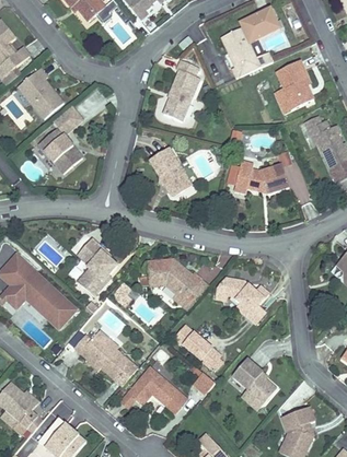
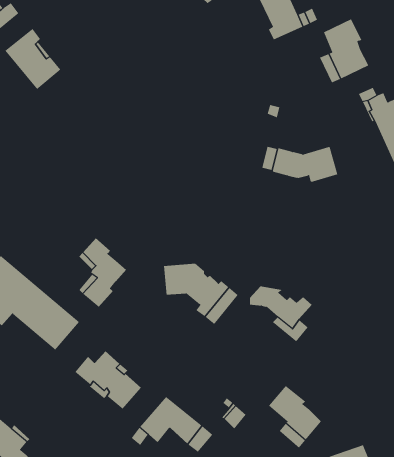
building: [163,59,199,120] -> none
building: [38,128,82,173] -> none
building: [149,148,192,196] -> none
building: [174,325,223,370] -> none

